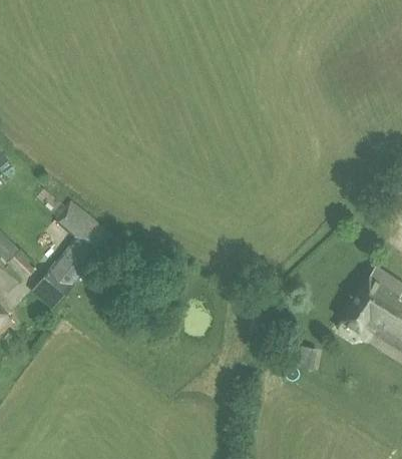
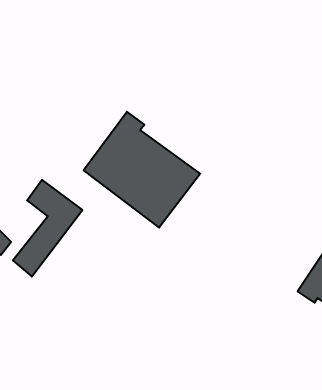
building: none -> [84,112,200,228]

